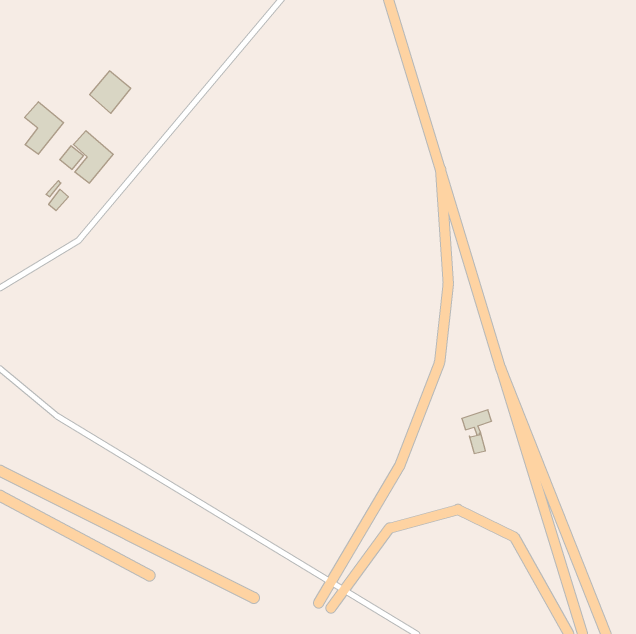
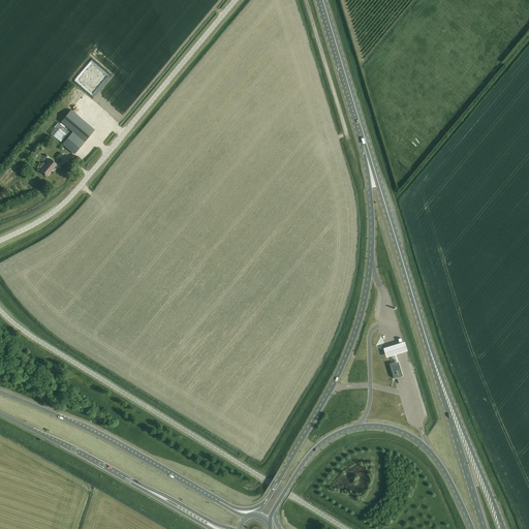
building: [25,102,64,154] -> none

